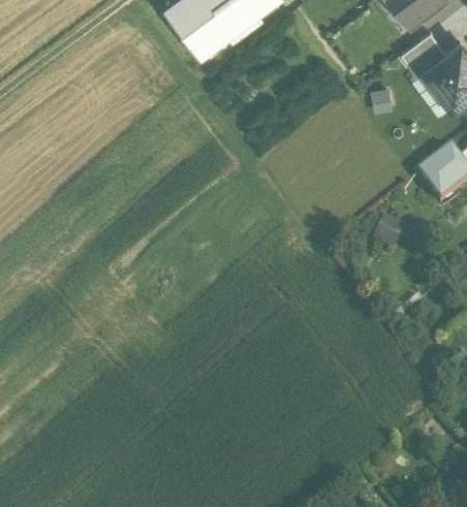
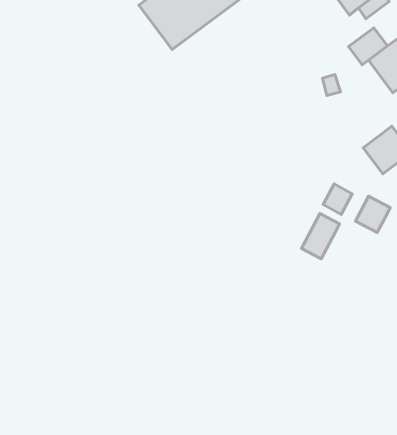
building: none -> [356,196,390,233]
building: none -> [302,213,340,259]

